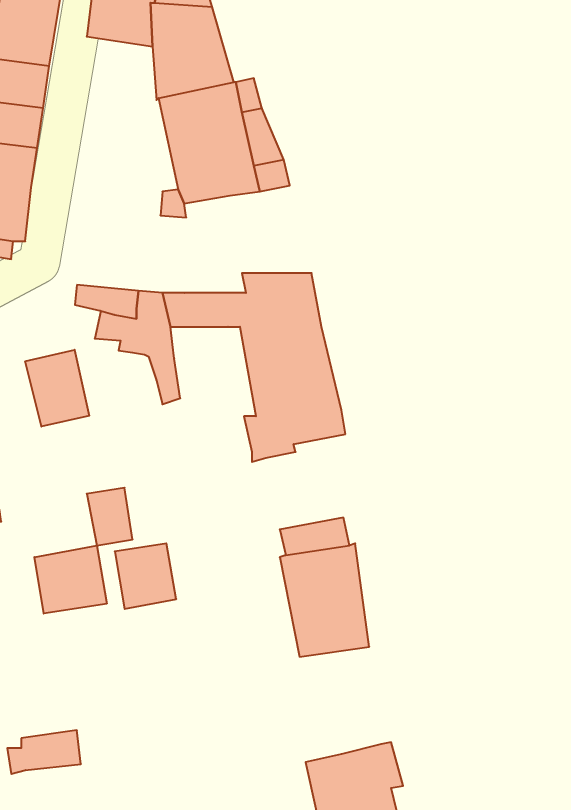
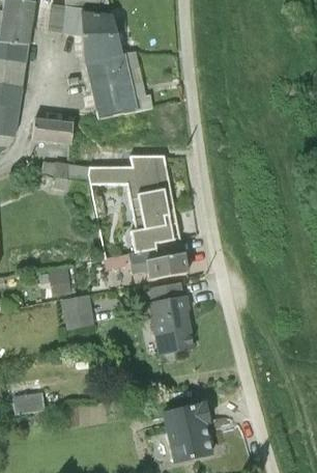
building: none -> [31,118,74,145]
building: [25,350,89,427] -> none
building: none -> [104,238,190,278]
building: [34,545,107,614] -> none

